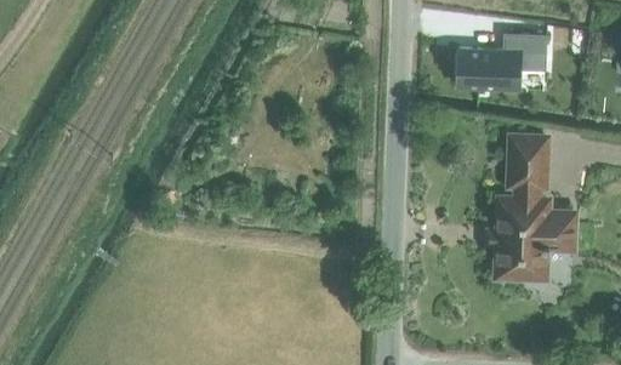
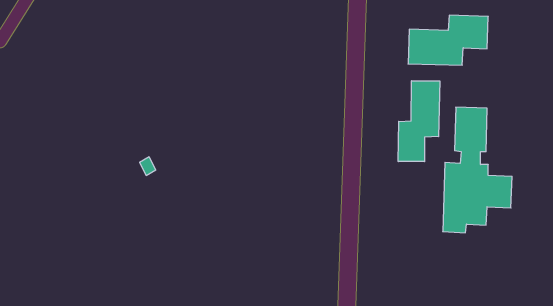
building: none -> [398,81,440,162]

